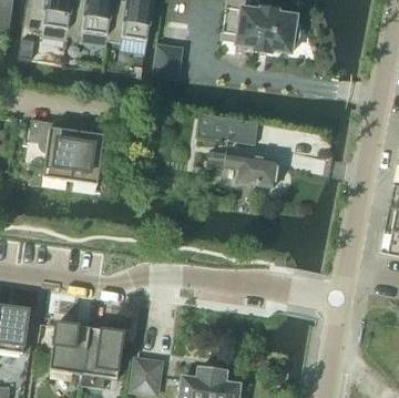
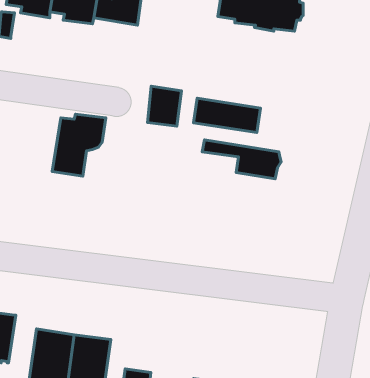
building: [153,42,184,79] -> [147,86,182,126]
building: [38,120,78,180] -> none

